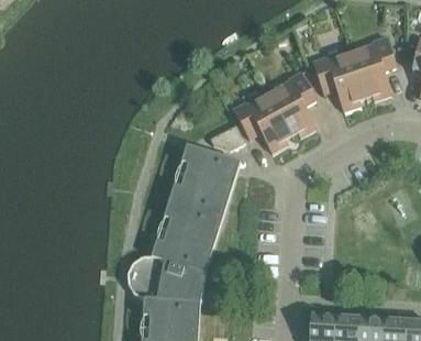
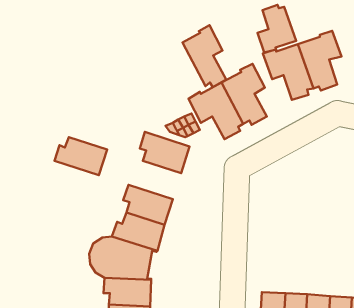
building: none -> [257,5,296,53]
building: none -> [183,25,226,87]
building: [170,175,226,216] -> [54,137,107,175]

